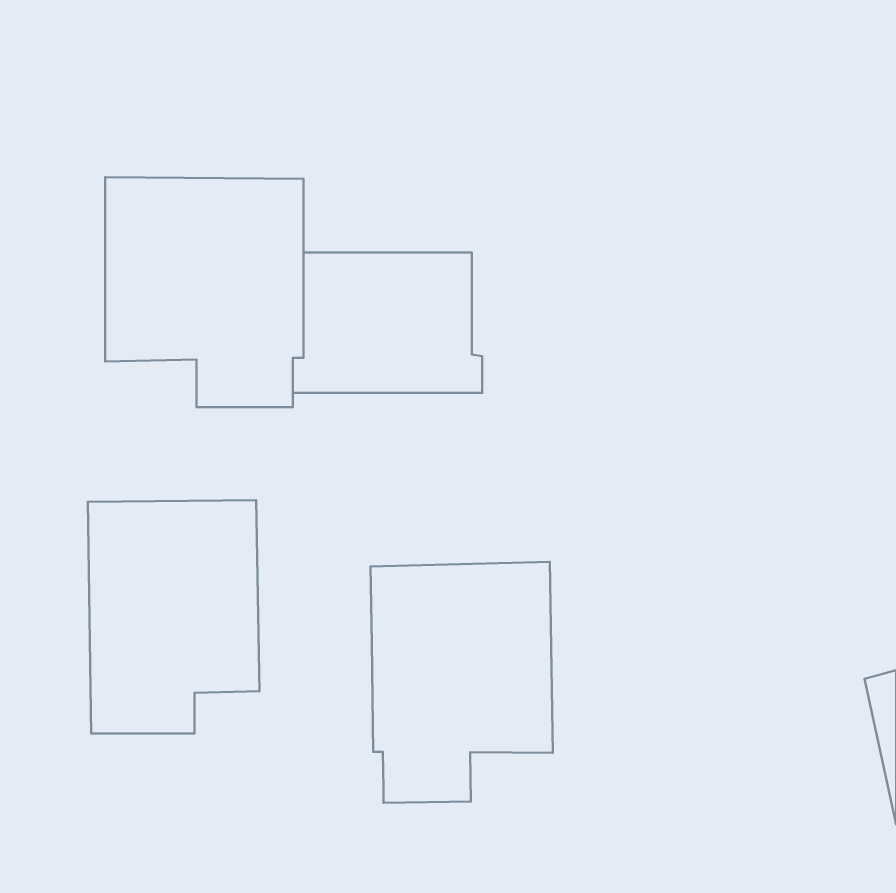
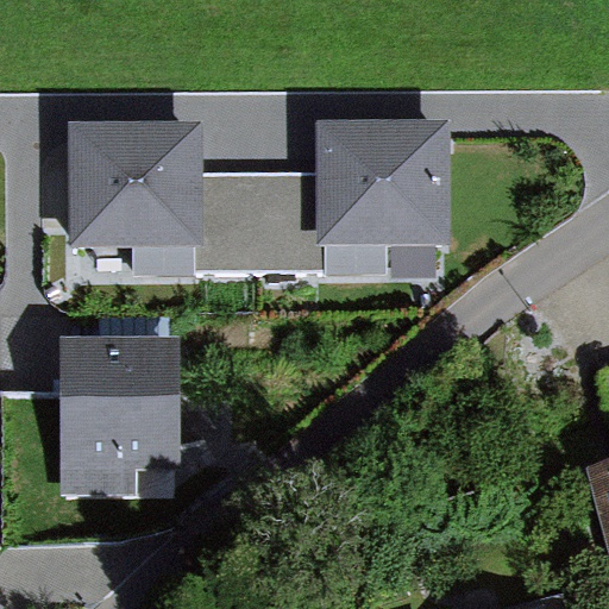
building: none -> [319,120,448,274]
building: [371,562,553,803] -> none

